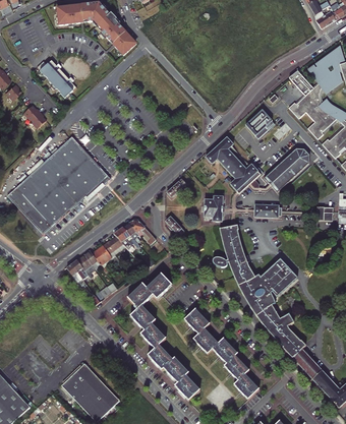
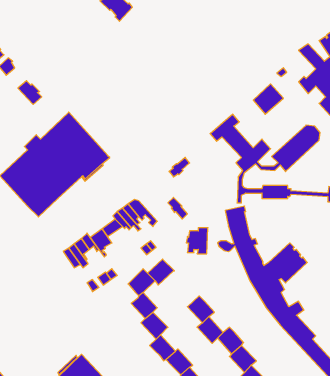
building: [38,60,77,98] -> none
building: [203,196,223,221] -> [186,228,208,254]

